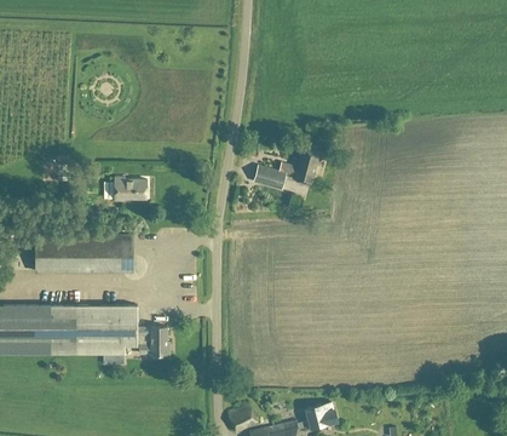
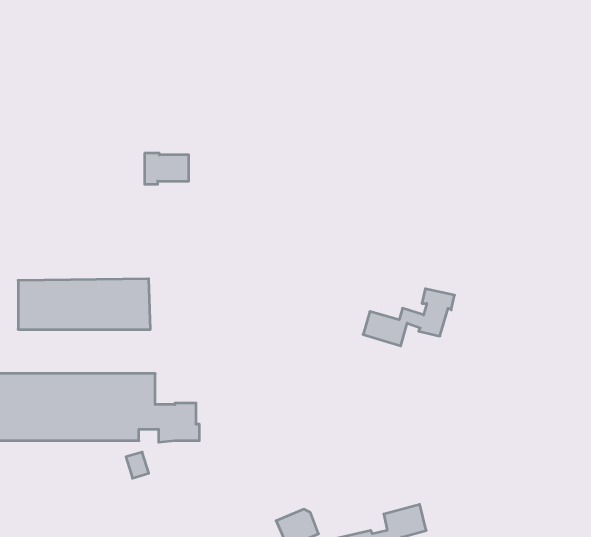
building: [253,148,321,190] -> [363,289,455,346]
building: [114,178,146,201] -> [145,153,189,184]

